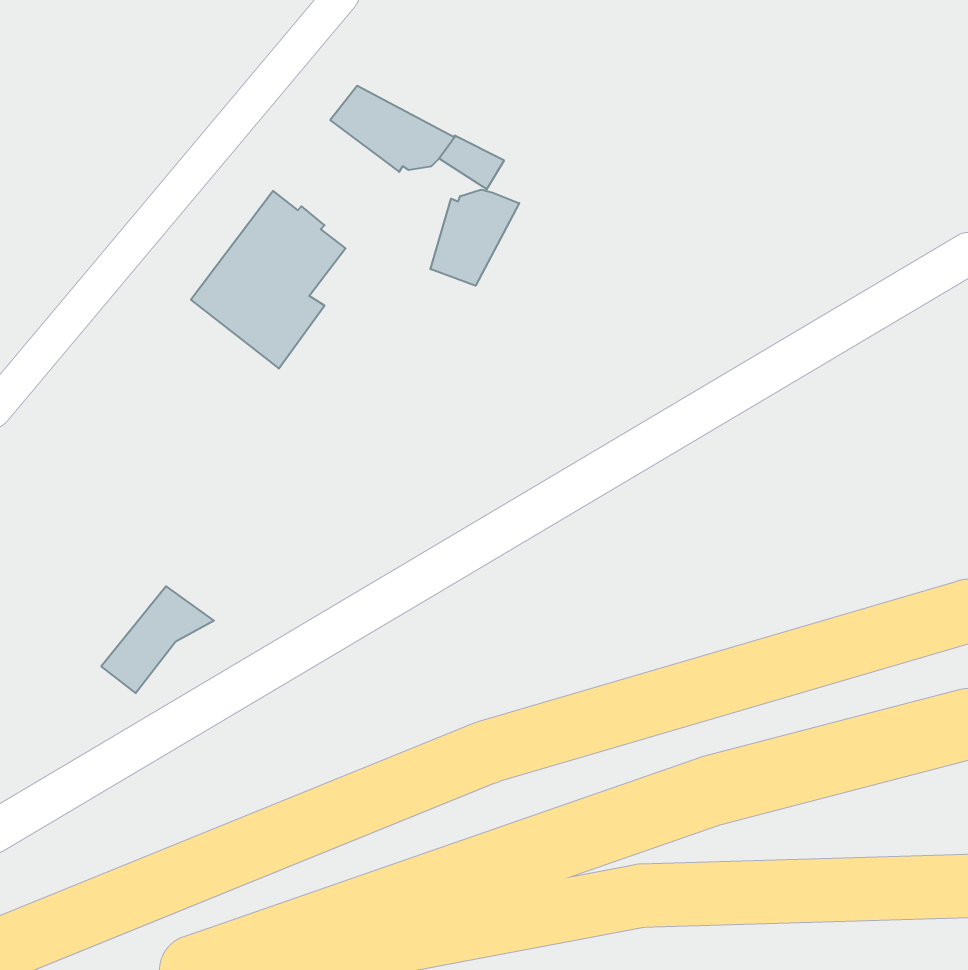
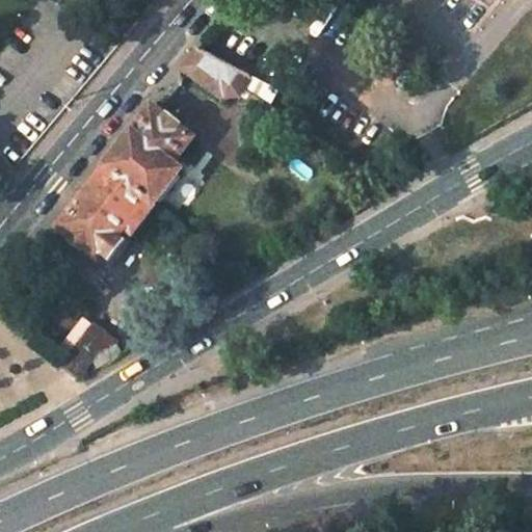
building: [430,190,519,286] -> none
building: none -> [56,163,152,263]

